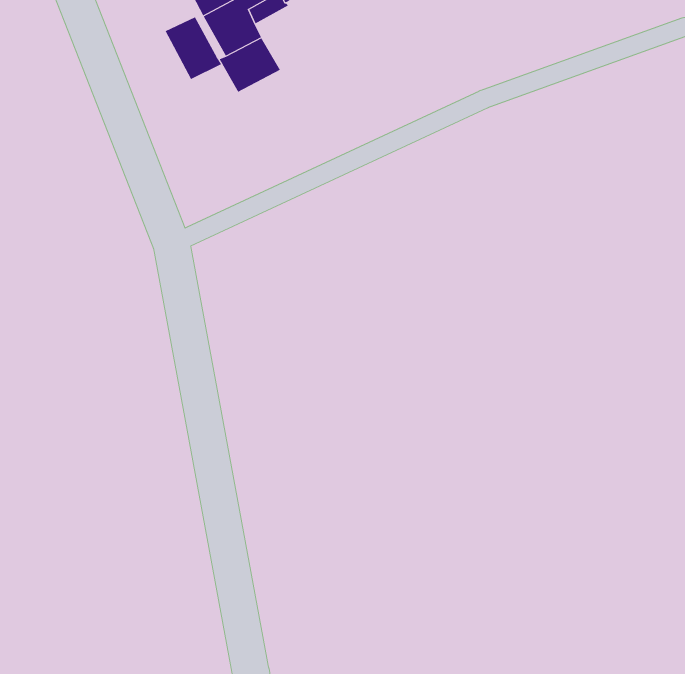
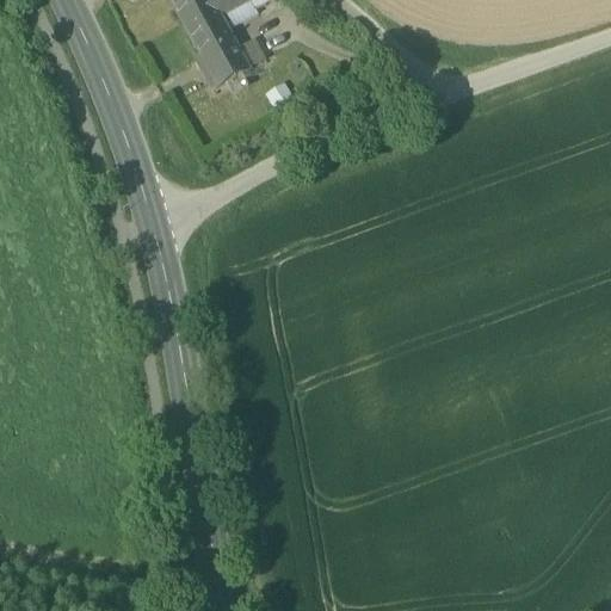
building: [165,17,222,80] -> none

